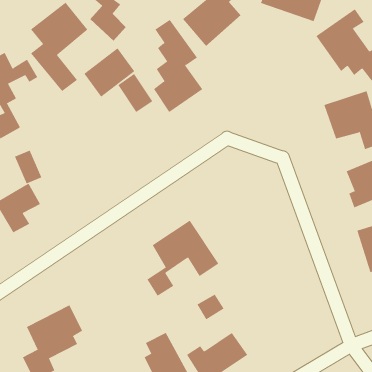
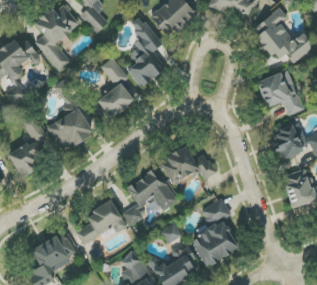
building: [84,47,135,98] -> [95,83,134,121]
building: none -> [47,108,94,147]
building: none -> [160,147,216,185]
building: none -> [192,199,239,267]
building: none -> [76,200,125,246]

